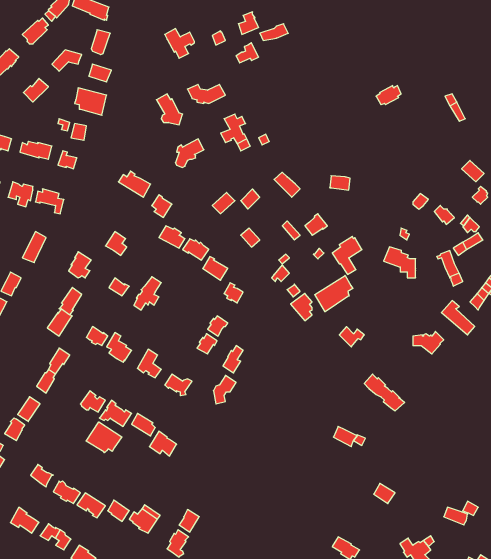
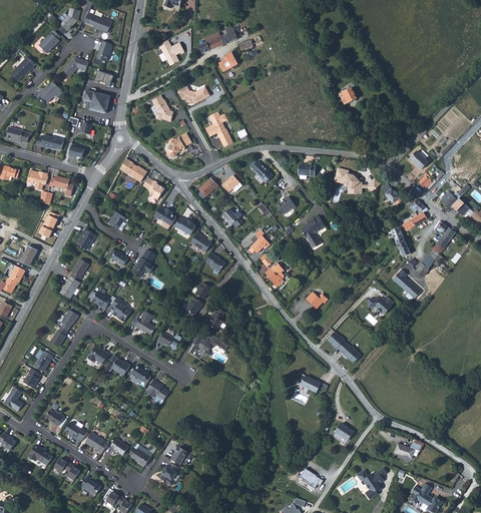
building: [384,247,416,278] -> [334,168,361,194]
building: [315,275,353,312] -> none
building: [86,422,122,453] -> none

